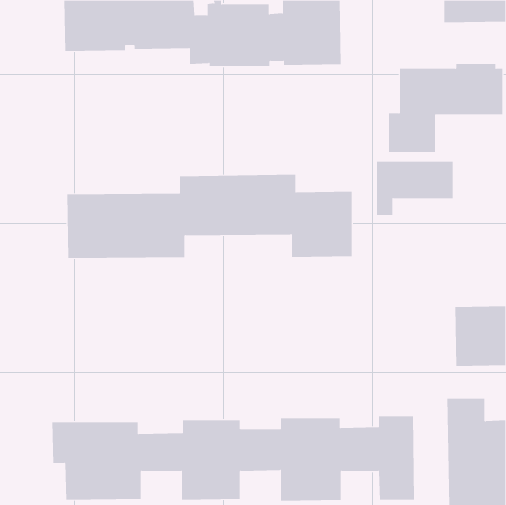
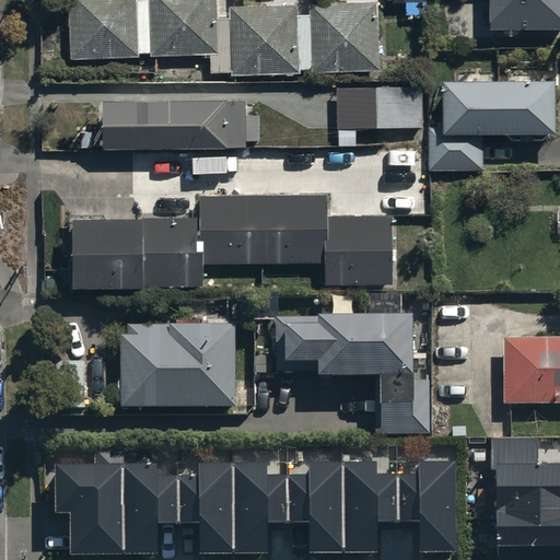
building: none -> [103,98,259,145]
building: [376,161,454,216] -> [337,85,422,145]
building: none -> [278,317,427,435]
building: none -> [121,325,236,409]

